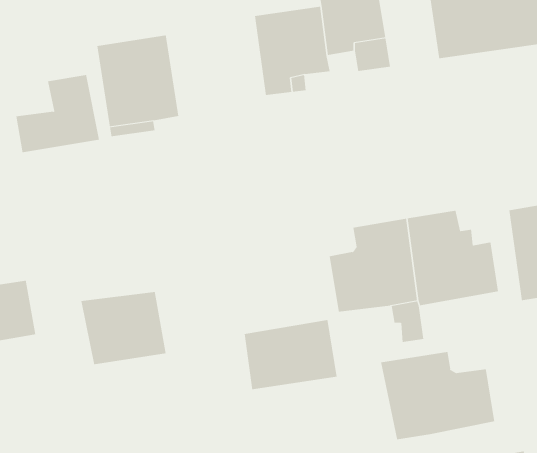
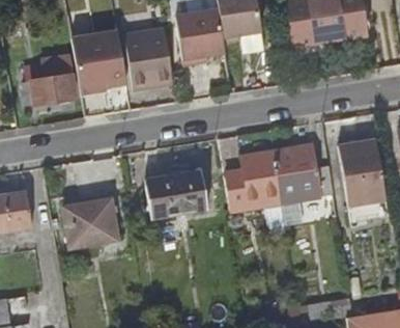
building: none -> [127,38,172,85]
building: [244,320,338,390] -> [147,168,208,214]
building: [381,351,495,440] -> none

